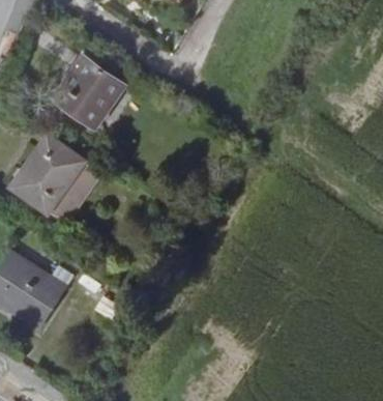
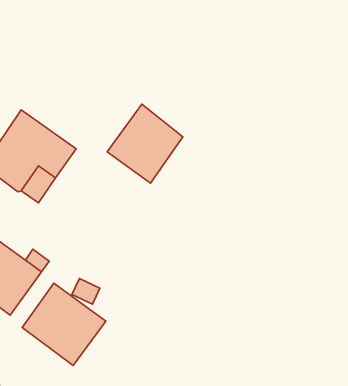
building: [53,52,125,127] -> [107,104,183,183]
building: none -> [22,283,106,365]

